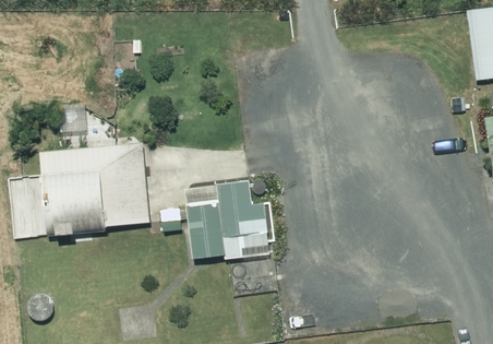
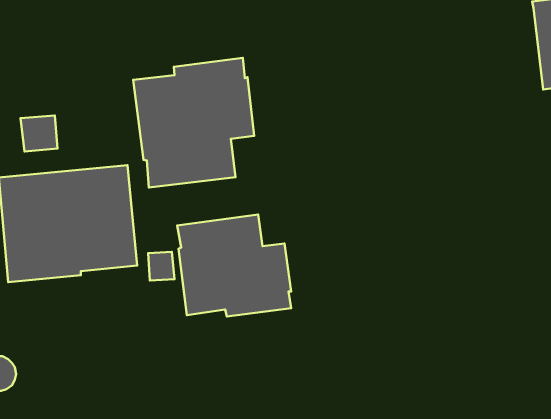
building: none -> [133,58,254,188]

